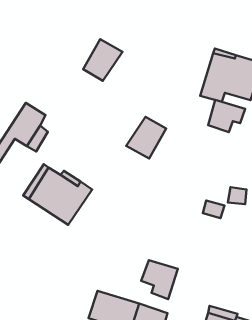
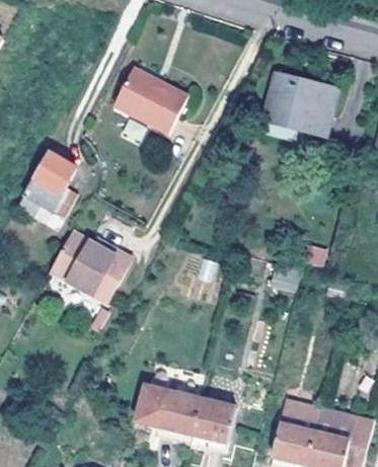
building: [208,100,245,132] -> none
building: [126,117,166,159] -> [141,83,190,135]
building: [141,260,178,299] -> none

